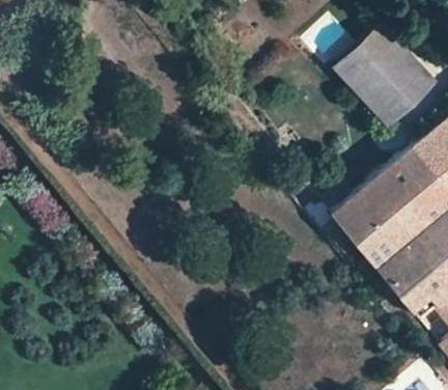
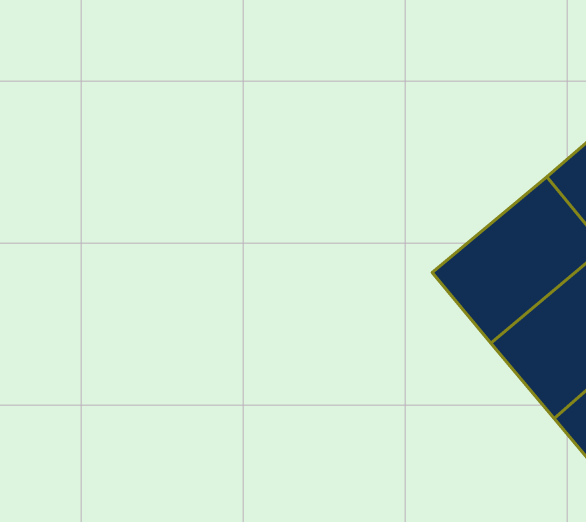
building: [334,26,435,128] -> none

